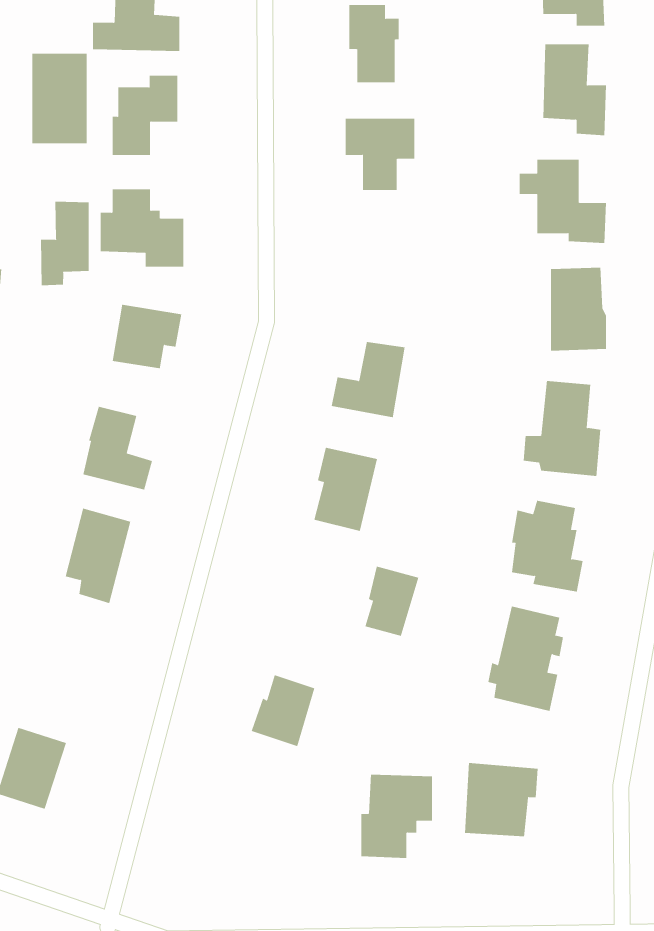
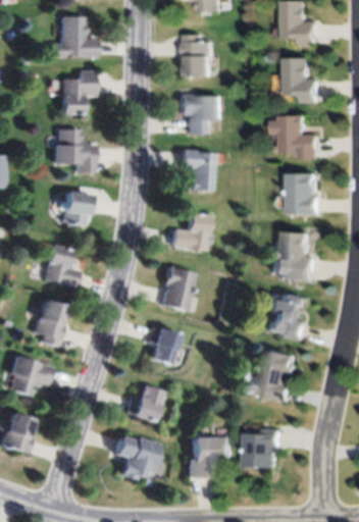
building: [32,53,87,144] -> none
building: [41,201,89,286] -> none
building: none -> [183,149,218,192]
building: [364,566,419,636] -> [154,327,183,364]
building: none -> [9,355,55,396]
building: none -> [116,436,161,482]

